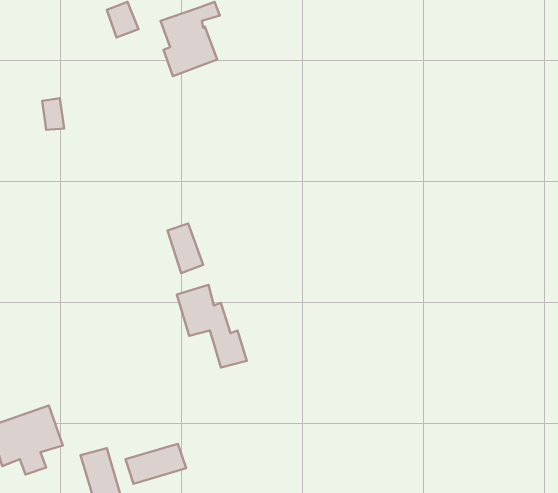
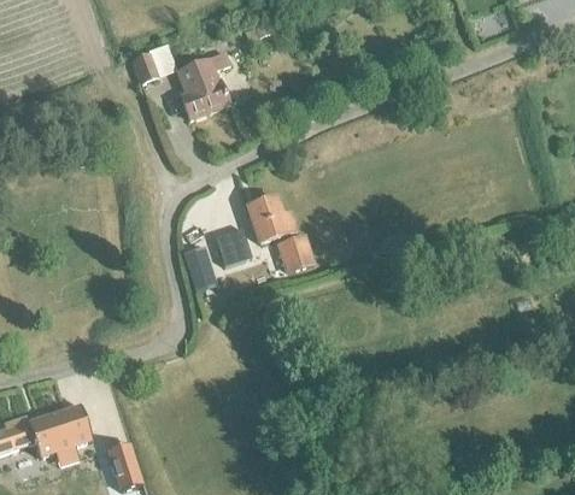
building: none -> [215,229,252,266]
building: [177,285,247,368] -> [248,195,310,267]
building: [126,444,186,484] -> none

